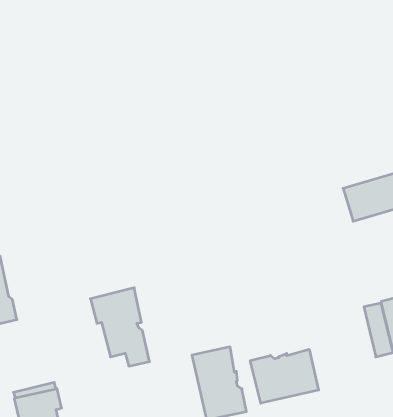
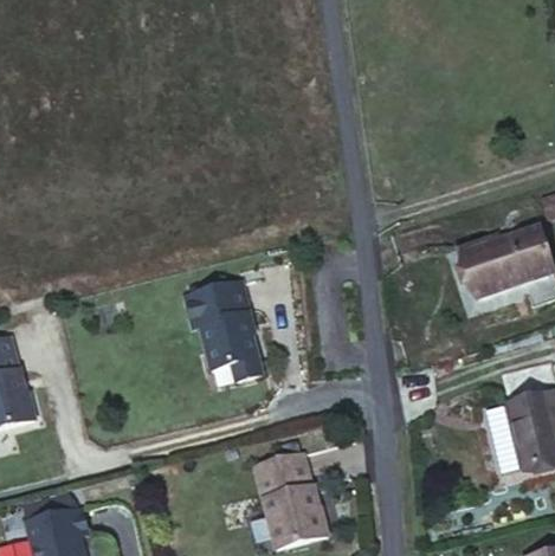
building: [90,288,150,366] -> [186,278,263,380]
building: [250,349,319,403] -> none

